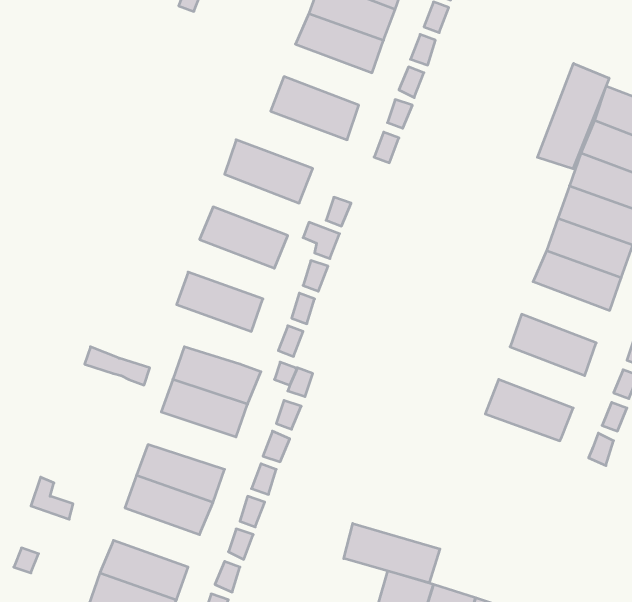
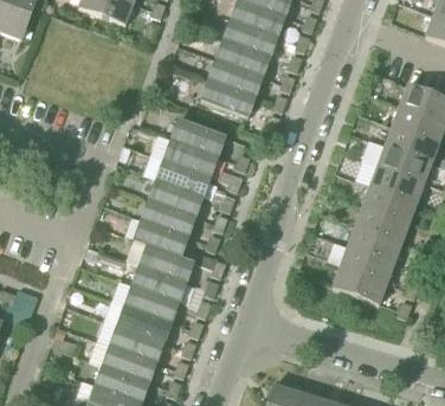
building: none -> [207,58,262,96]
building: [537,63,609,169] -> none
building: none -> [163,138,217,176]
building: none -> [148,179,201,215]
building: none -> [354,205,408,243]
building: none -> [133,219,187,256]
building: none -> [340,245,393,283]
building: none -> [123,285,178,321]
building: none -> [102,344,155,381]
building: [344,523,440,583] -> none

